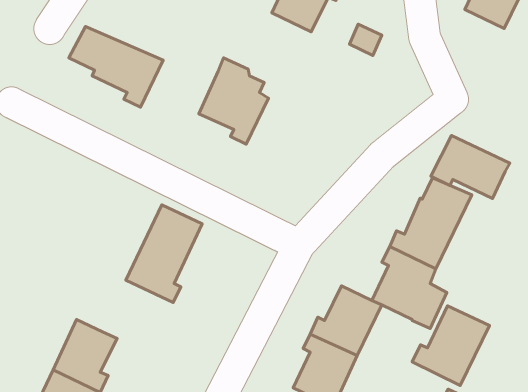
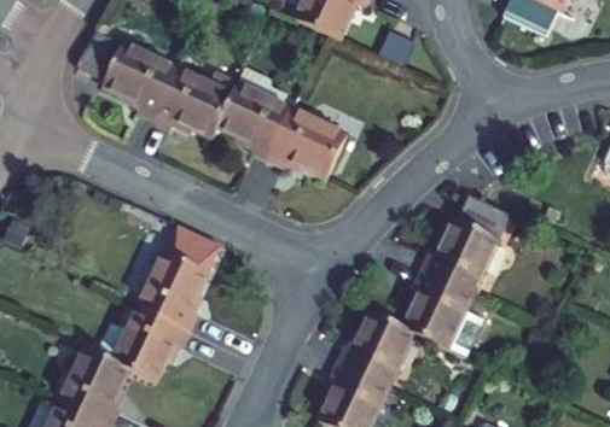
building: none -> [153,69,237,138]
building: none -> [267,110,345,177]
building: [431,136,510,198] -> none
building: none -> [112,305,188,380]
building: [412,306,489,385] -> none

